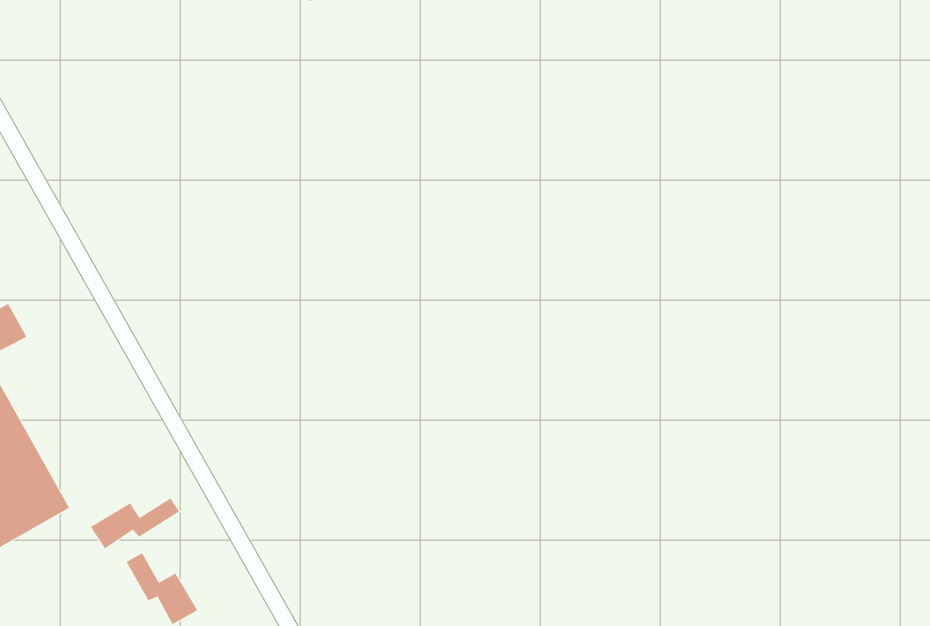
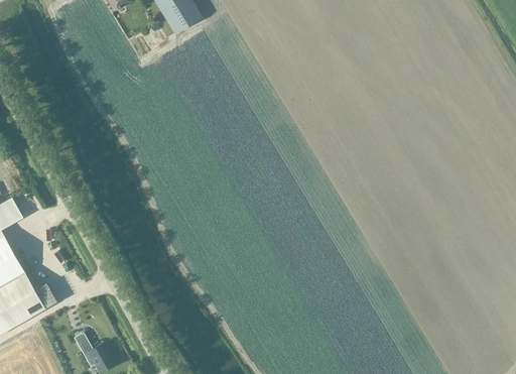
building: [90,497,180,549] -> none

